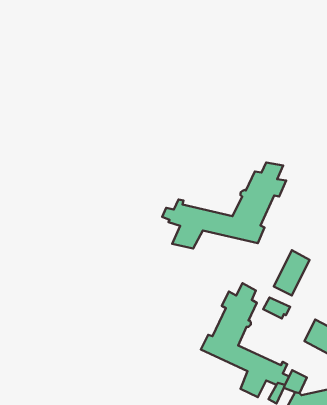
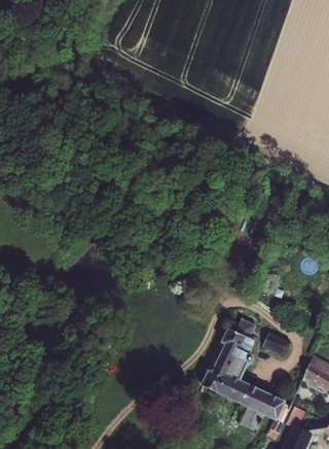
building: [162,163,286,249] -> none
building: [274,250,309,296] -> none

